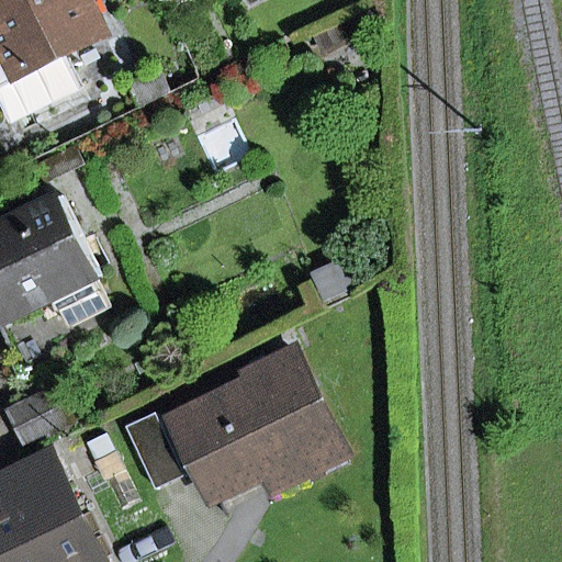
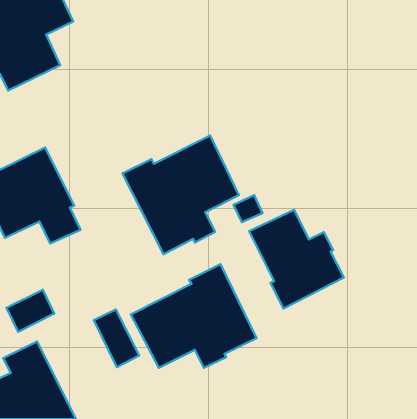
building: none -> [123,136,239,254]
building: none -> [249,210,344,309]

